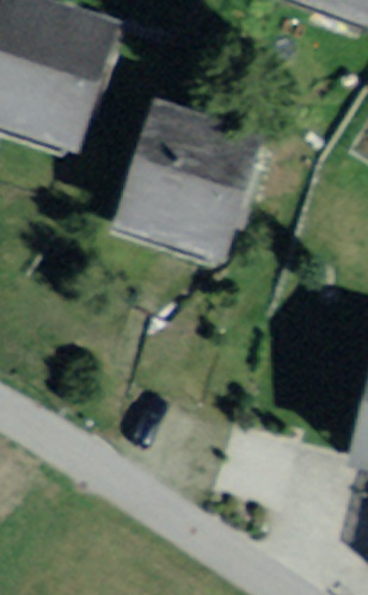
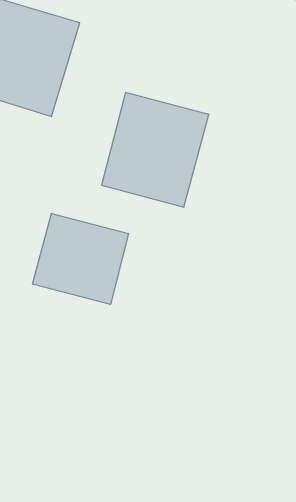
building: none -> [33,213,129,305]

